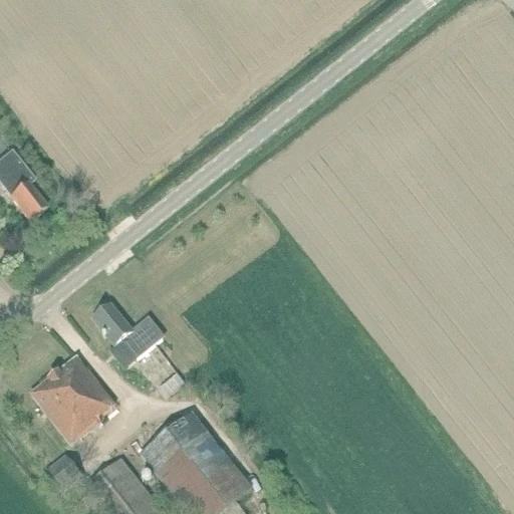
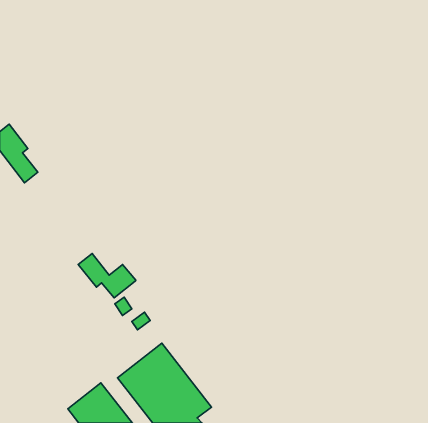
building: [31,355,114,442] -> none
building: [48,455,81,488] -> none

